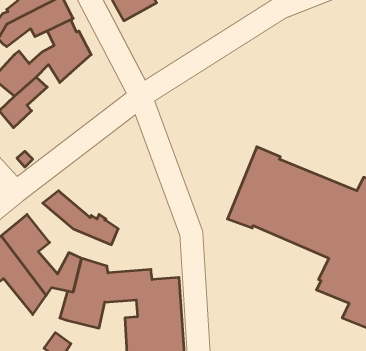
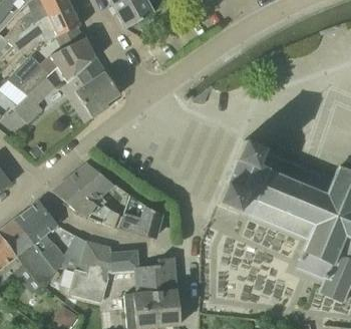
building: none -> [75,57,119,117]
building: none -> [66,161,114,202]
building: none -> [117,196,159,238]

